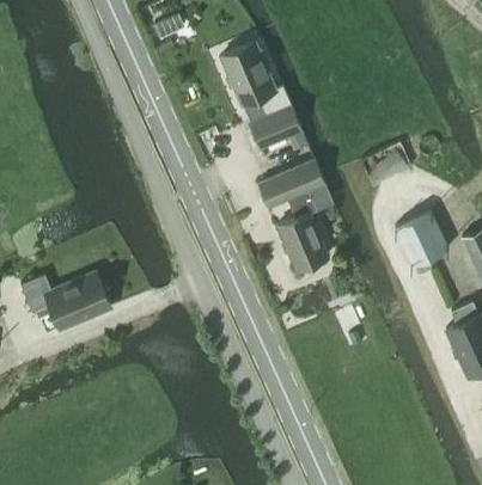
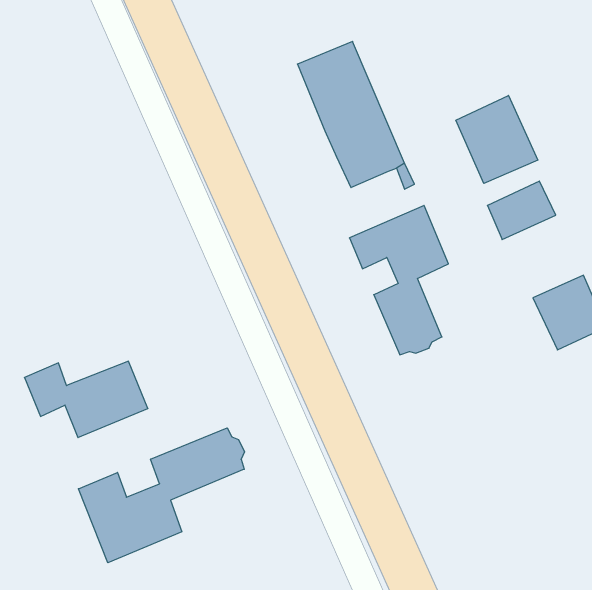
building: none -> [456,95,538,183]
building: none -> [78,428,244,563]

